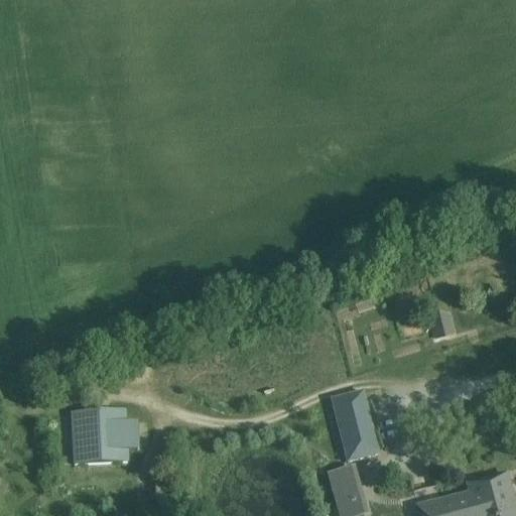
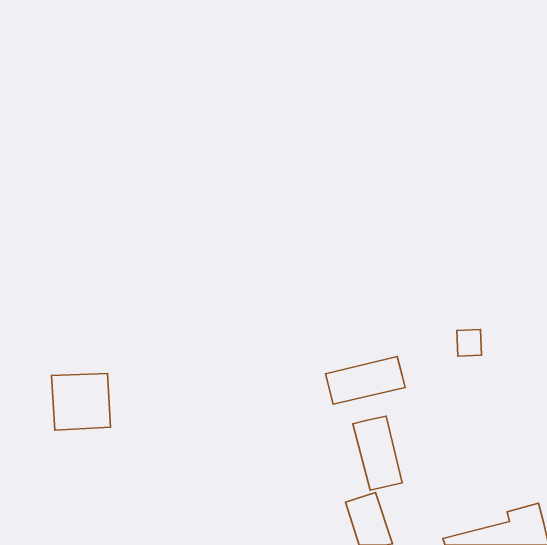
building: none -> [325,357,405,404]
building: [73,410,128,464] -> [52,373,111,430]

